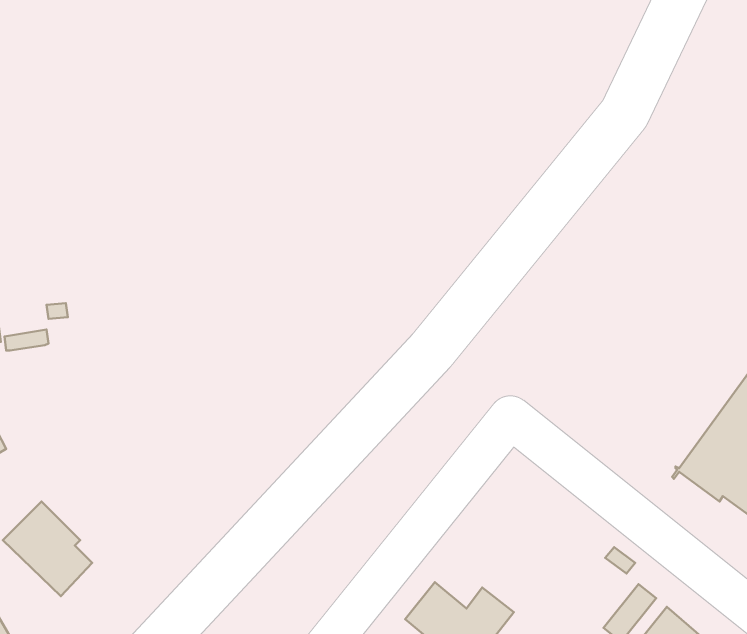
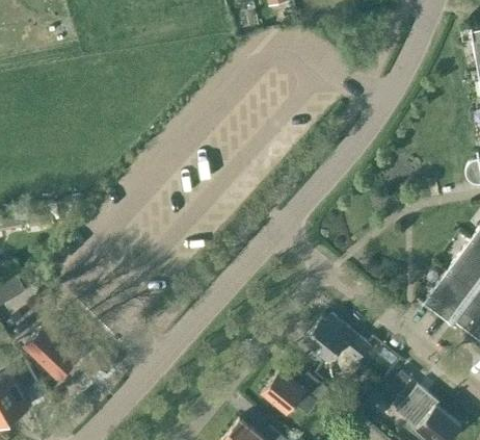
building: none -> [303,316,370,364]

